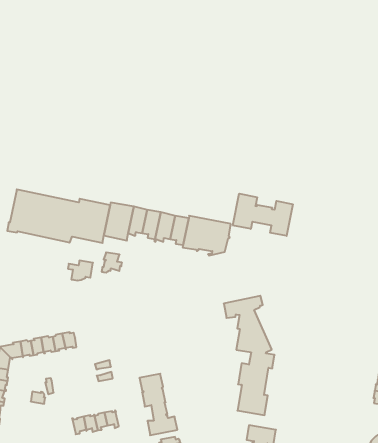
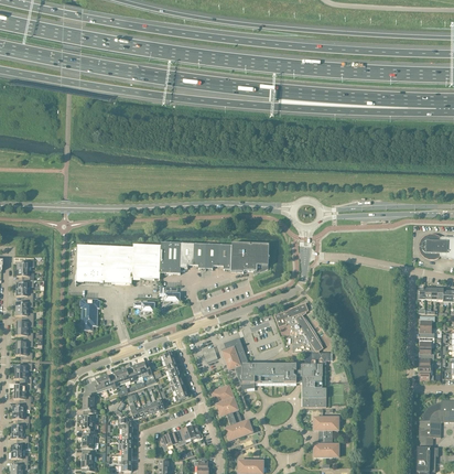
building: [233,194,293,236] -> none
building: none -> [80,298,99,328]
building: none -> [221,336,299,391]

